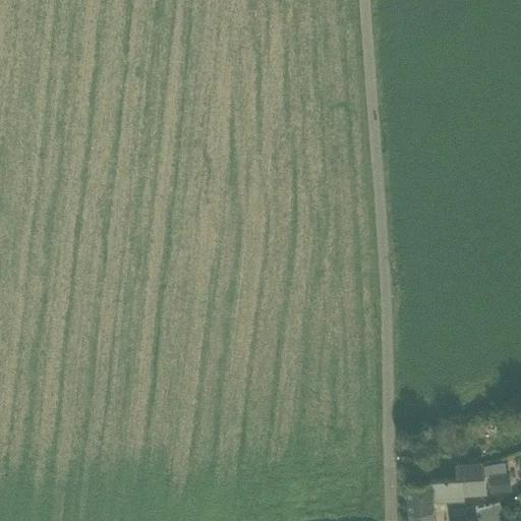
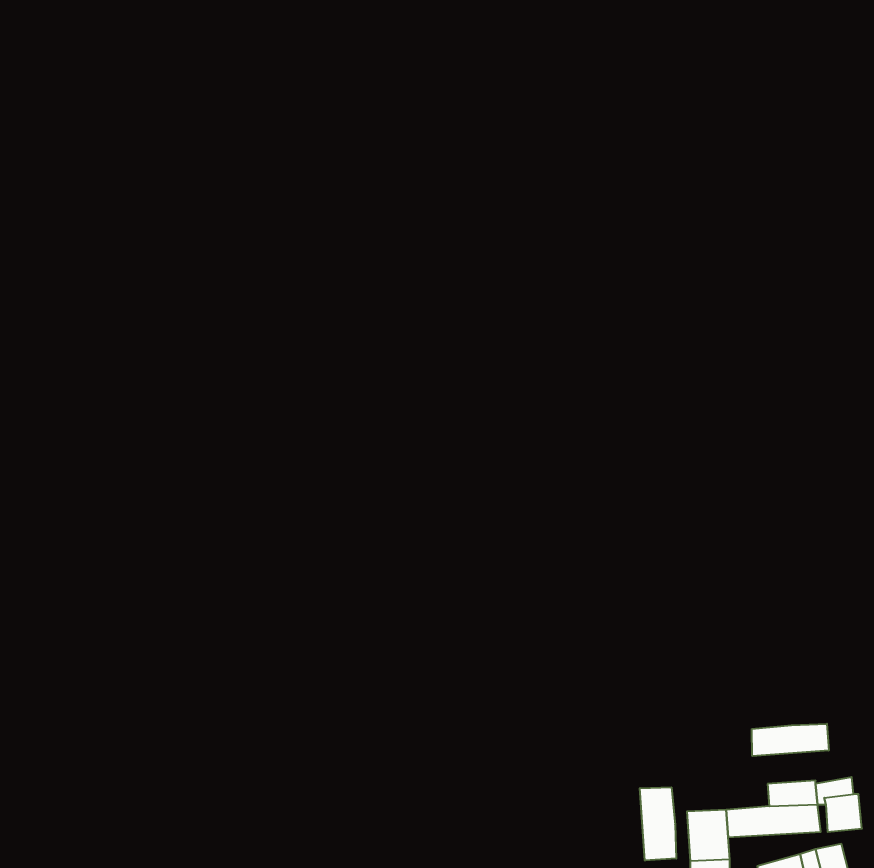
building: none -> [752,724,829,756]
building: none -> [640,787,676,861]

